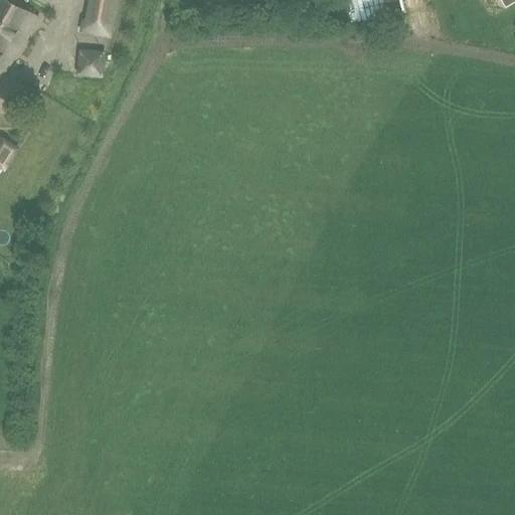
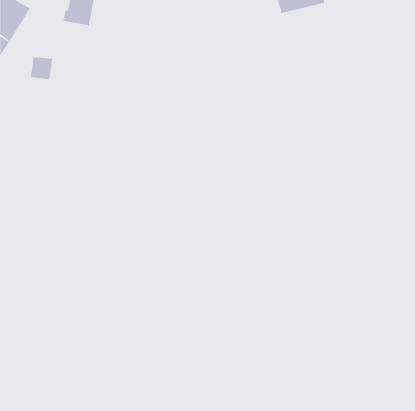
building: [75,42,104,71] -> [30,56,53,80]

